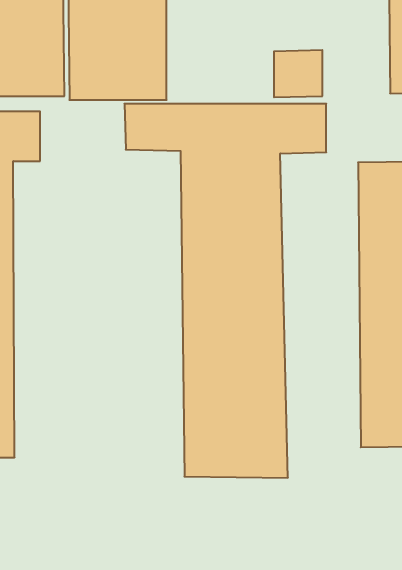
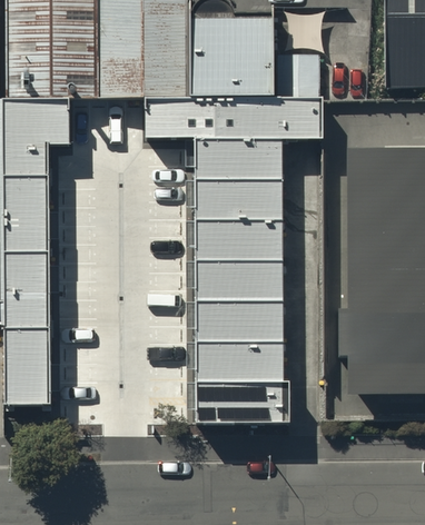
building: none -> [187,11,269,96]

